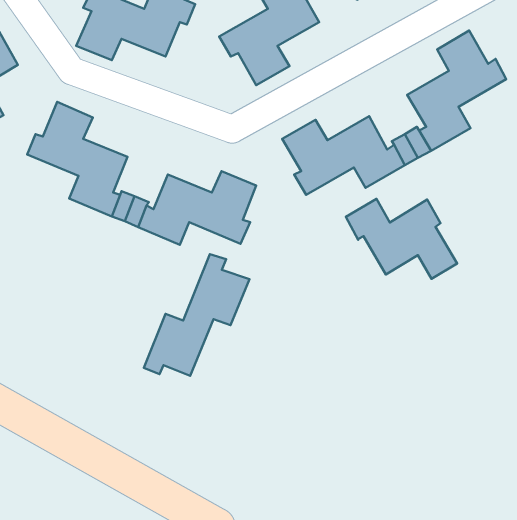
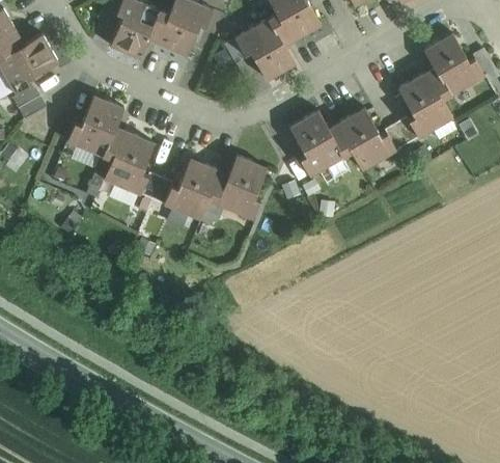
building: [346,199,457,279] -> none
building: [144,254,250,376] -> none

